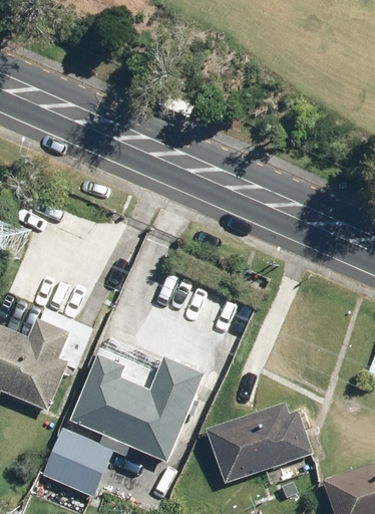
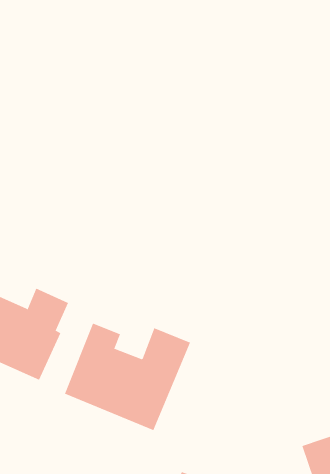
building: [204,402,312,487] -> none
building: [37,427,107,501] -> none

